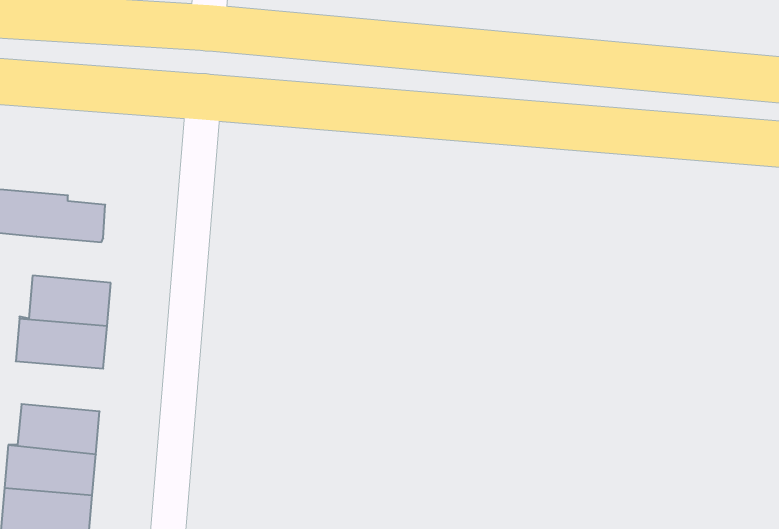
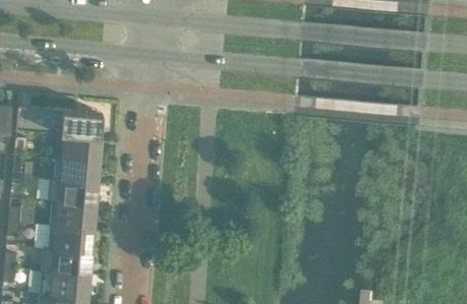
building: none -> [54,132,99,158]
building: none -> [45,200,93,228]

